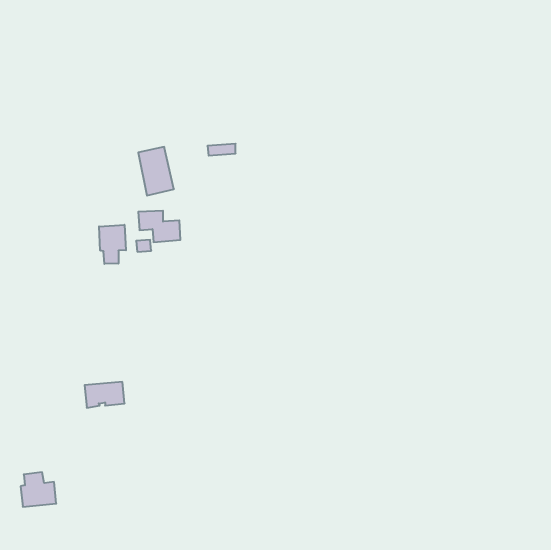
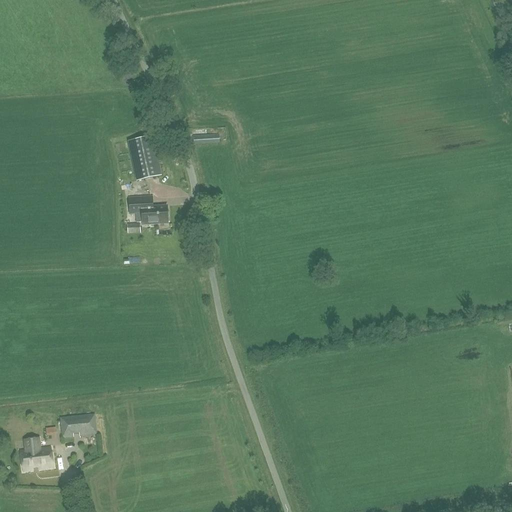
building: [99,225,126,264] -> none
building: [85,382,125,408] -> [59,413,96,437]

